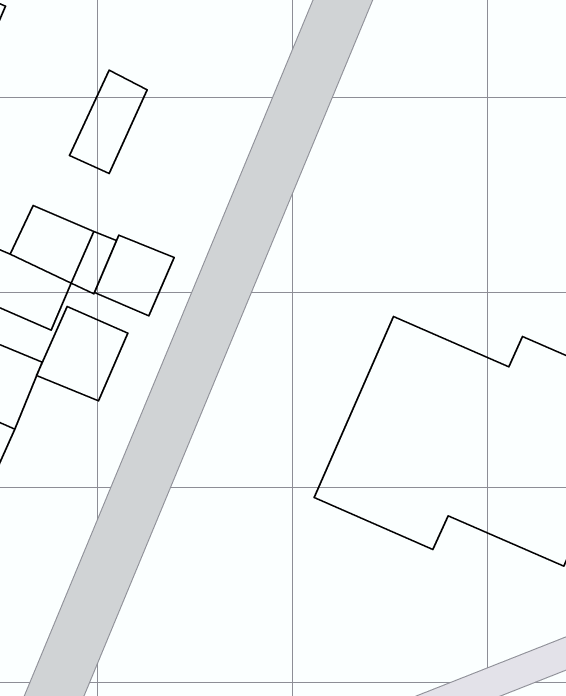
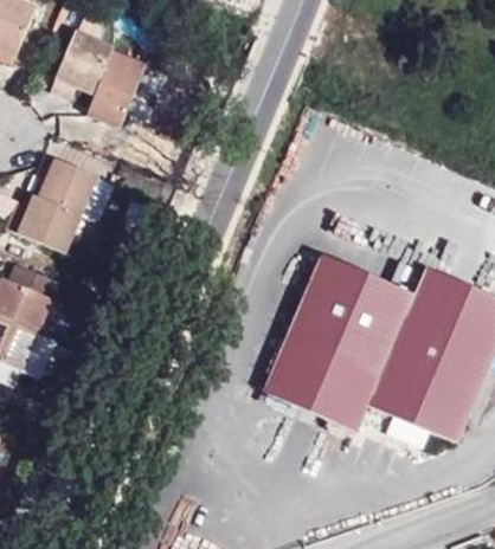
building: none -> [43,34,110,123]
building: [95,235,174,316] -> none
building: [37,307,128,401] -> none

